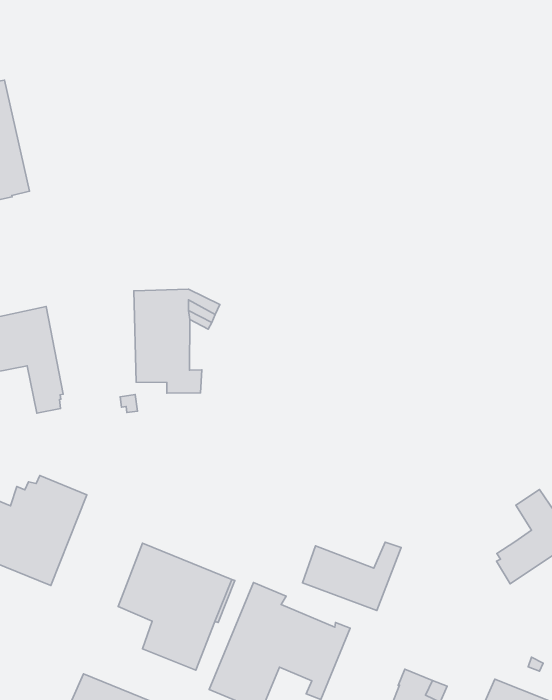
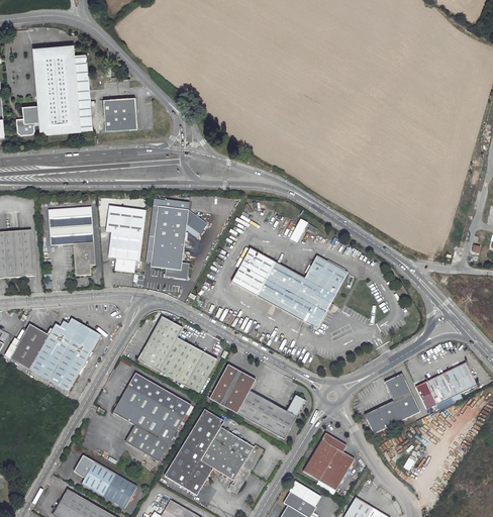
building: none -> [103,97,137,130]
building: none -> [105,205,145,272]
building: none -> [230,246,348,327]
building: none -> [137,316,215,392]
building: none -> [207,365,253,414]
building: none -> [302,435,353,491]

